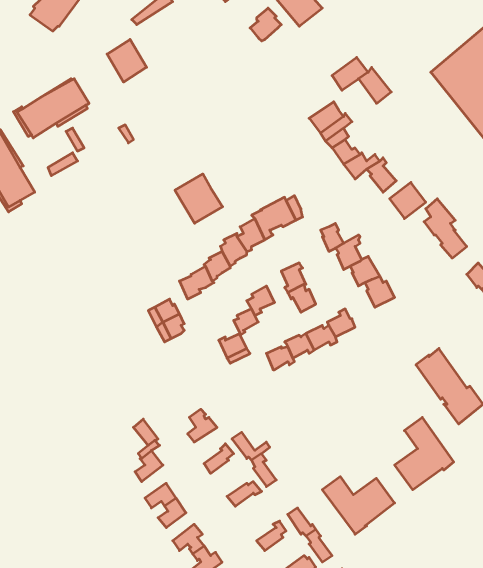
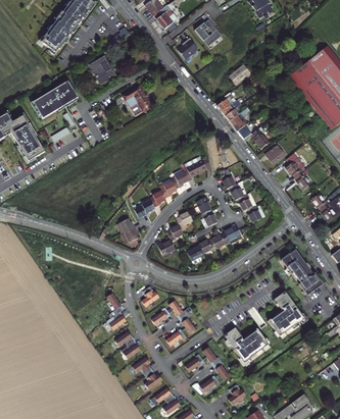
building: [175,174,223,223] -> [122,86,151,116]

